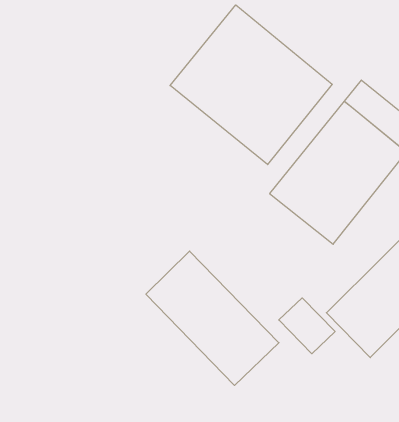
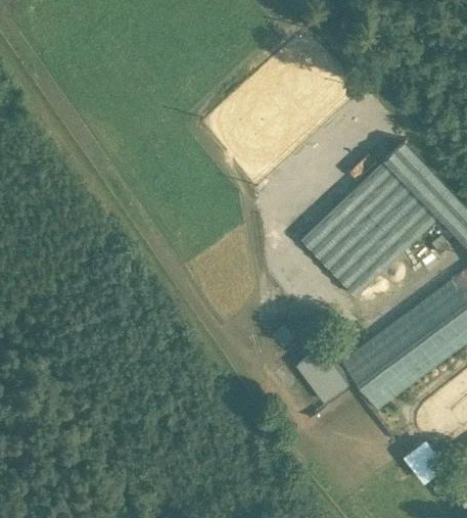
building: [170,5,332,165] -> none
building: [146,251,279,385] -> none

